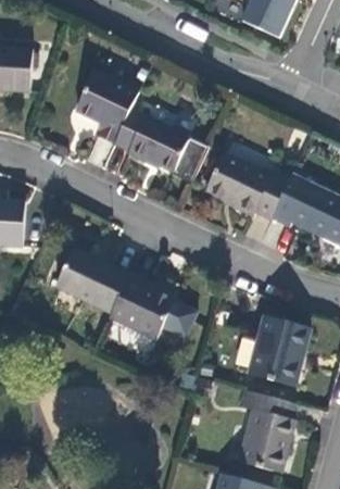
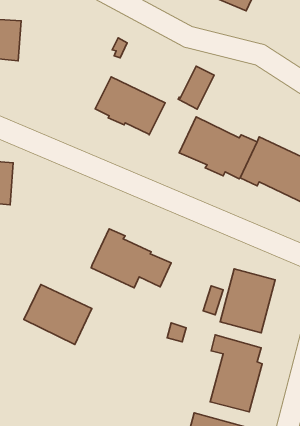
building: [76,71,139,143] -> none
building: [171,137,210,184] -> [178,66,214,109]
building: [55,248,129,313] -> [24,284,92,344]

